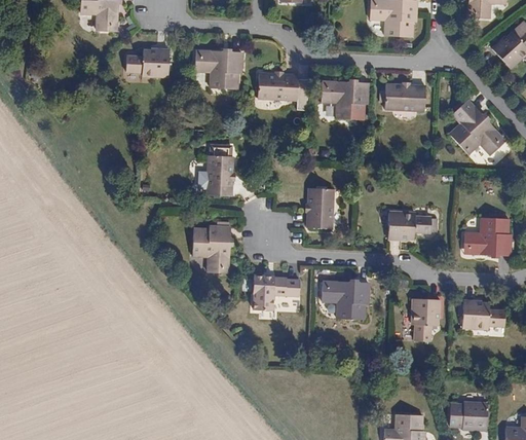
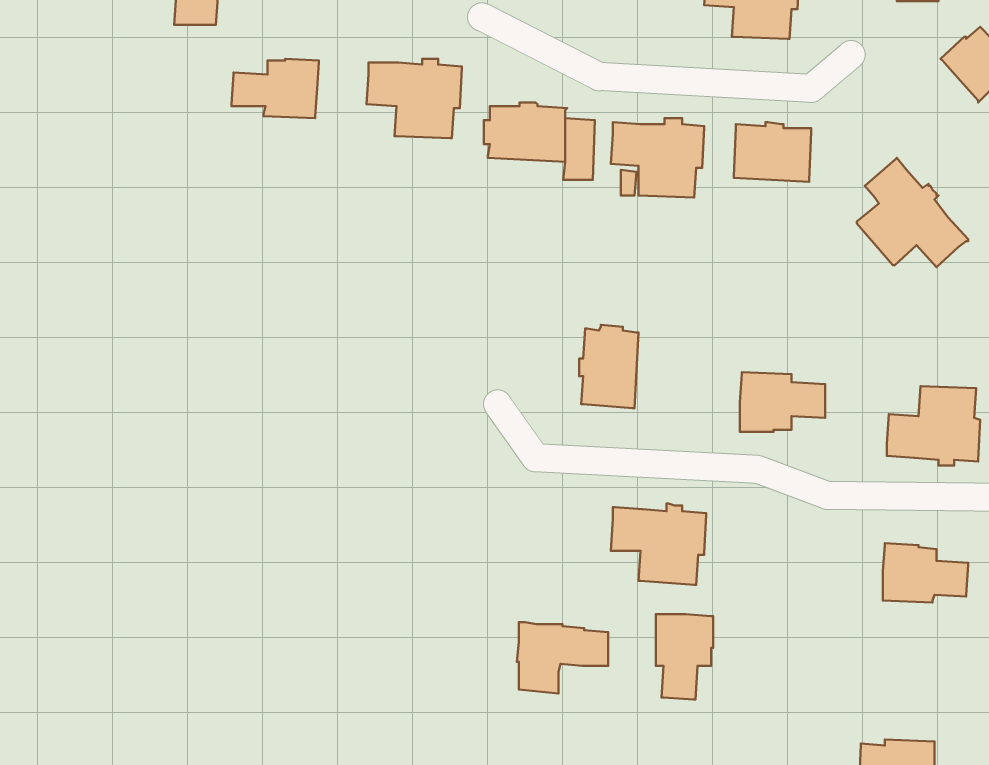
building: [197,144,235,196] -> none
building: [191,224,233,273] -> none
building: [252,273,299,310] -> [517,622,608,694]
building: [410,297,440,341] -> [656,614,713,699]

